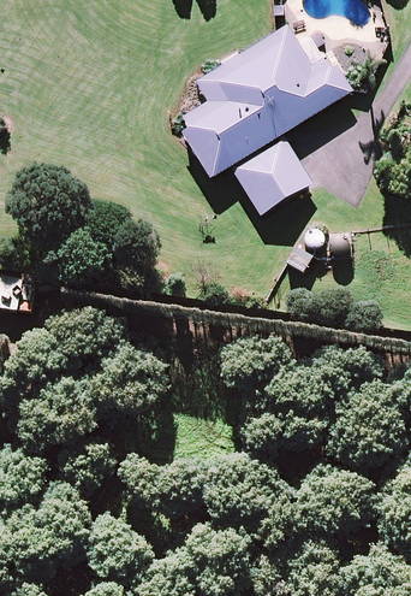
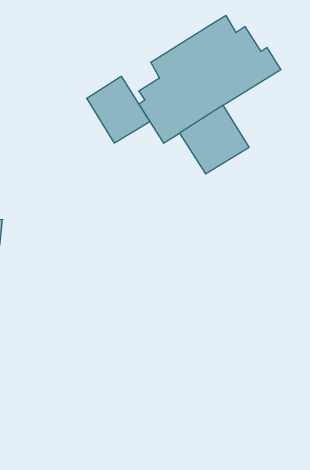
building: none -> [87,76,150,143]

